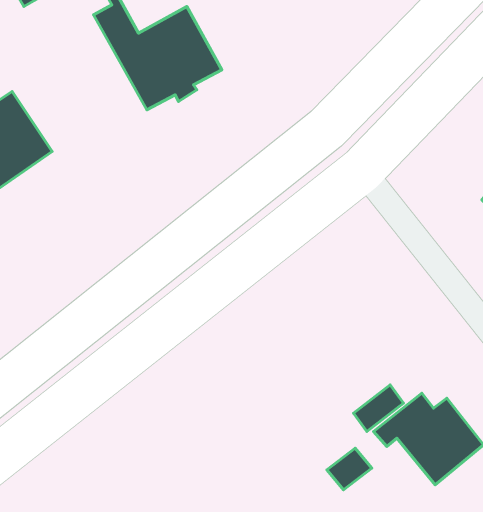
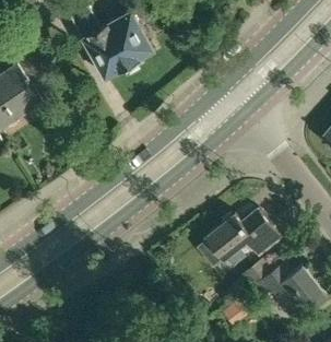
building: none -> [198,208,282,266]

